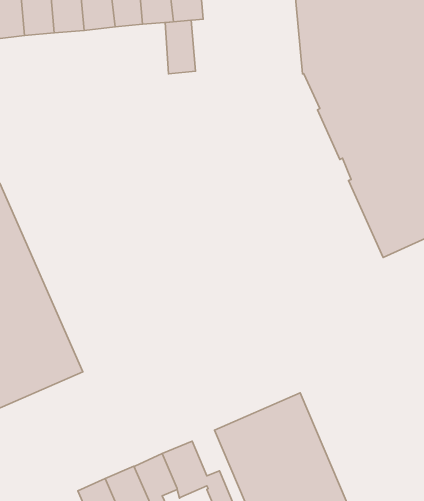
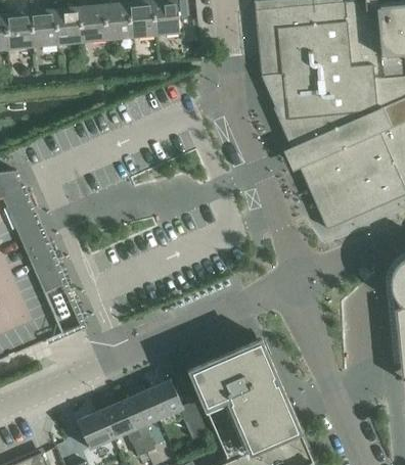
building: [165,20,196,74] -> none

